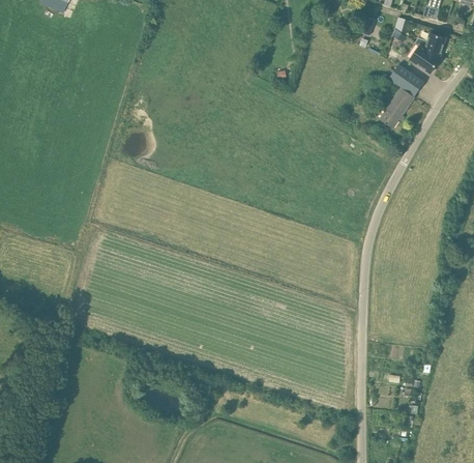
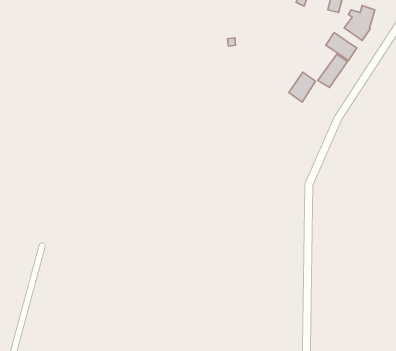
building: none -> [289,72,316,102]

